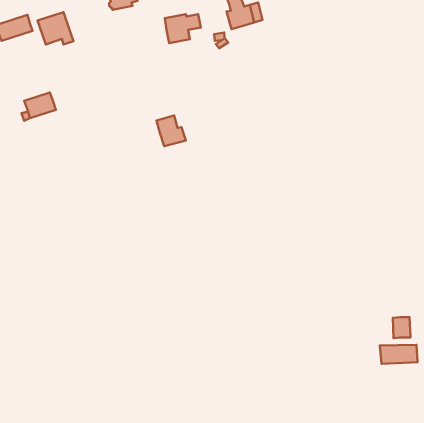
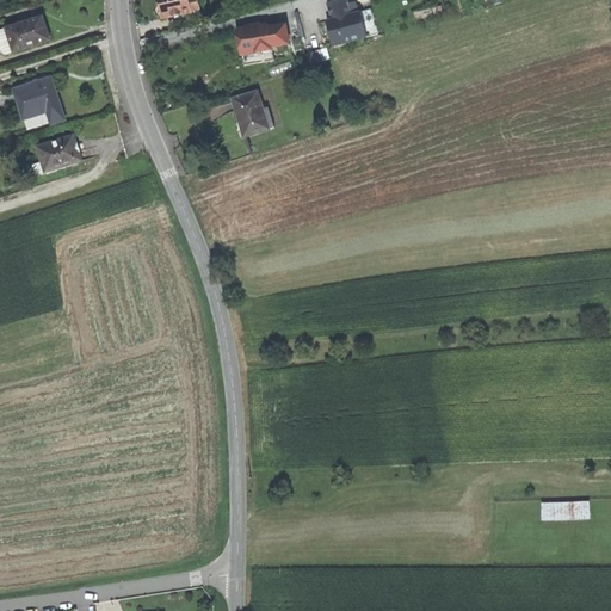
building: [38,12,73,45] -> [12,75,63,122]
building: [157,115,186,146] -> [232,88,273,132]
building: [393,317,411,338] -> none

